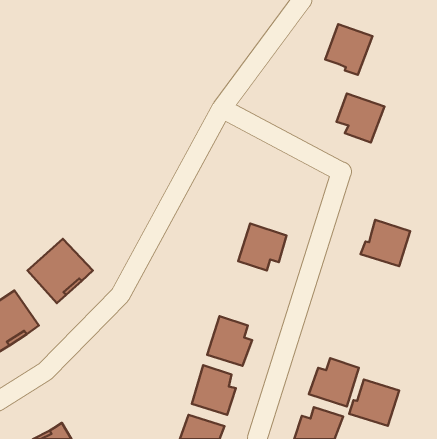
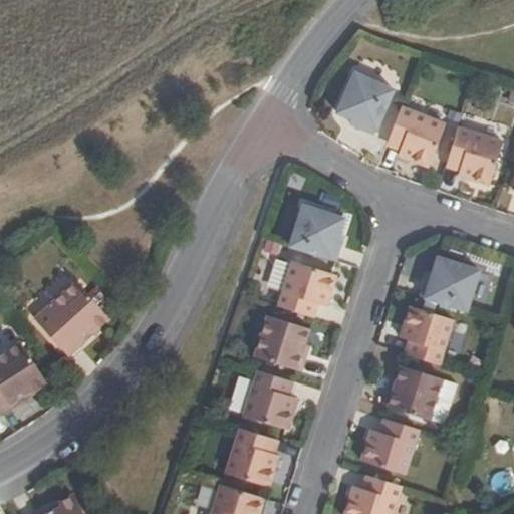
building: [325,24,372,75] -> [340,75,396,135]
building: none -> [450,131,504,186]
building: none -> [290,205,345,260]
building: none -> [402,307,454,365]
building: none -> [255,315,309,370]
building: [349,379,399,426] -> [384,366,443,421]

